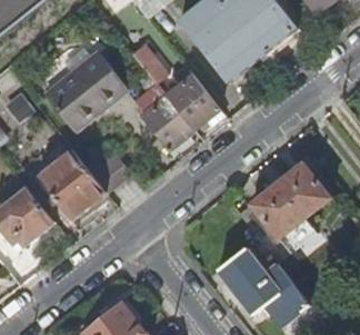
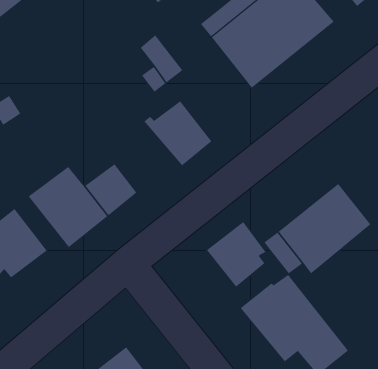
building: [44,48,126,129] -> none
building: [167,66,220,127] -> none
building: none -> [206,221,266,287]

